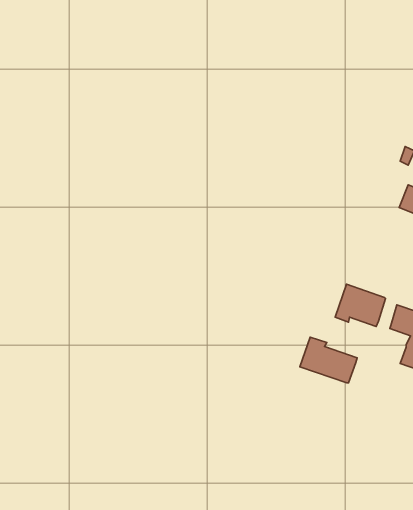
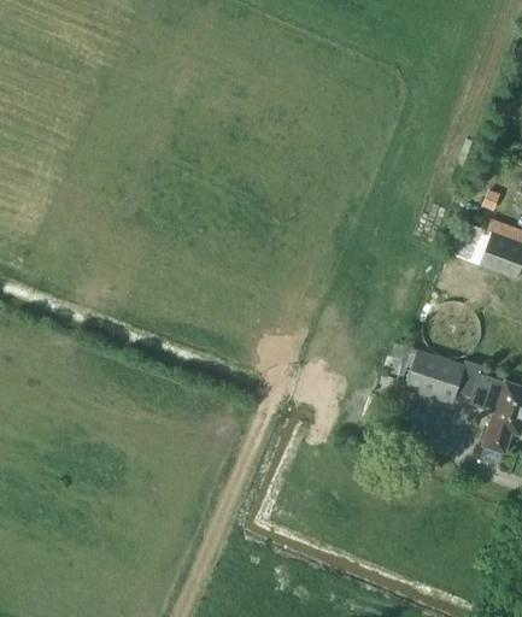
building: [300,337,357,383] -> none

